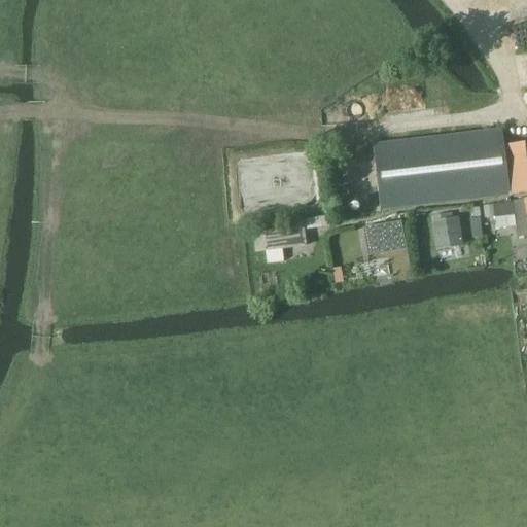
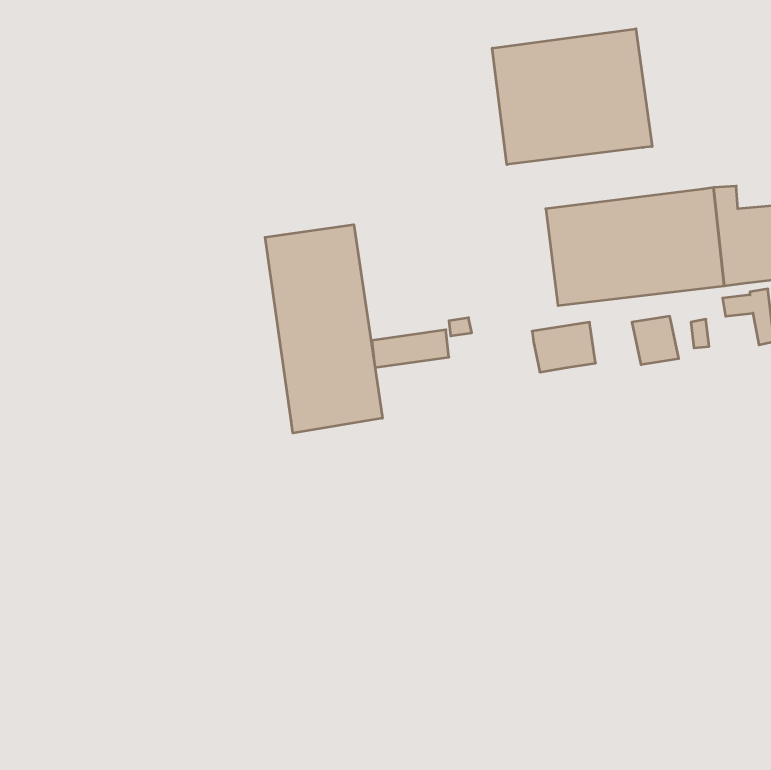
building: none -> [492,29,652,165]
building: none -> [265,225,382,433]

